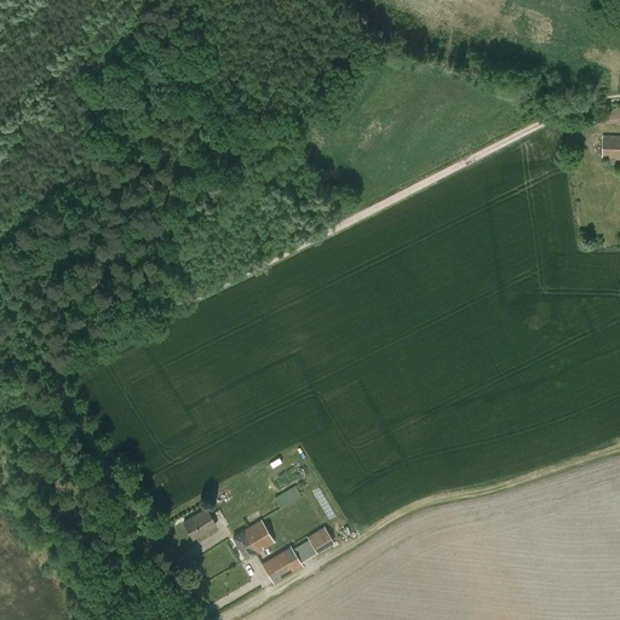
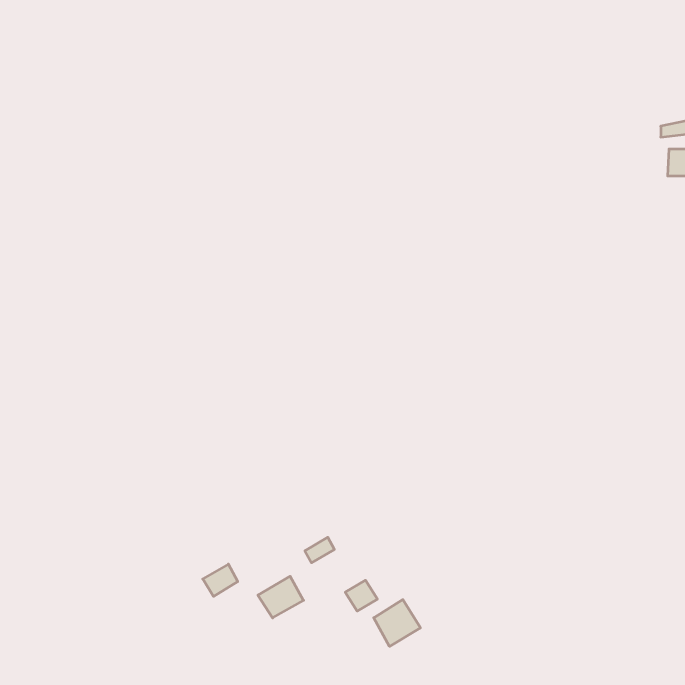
building: none -> [374,600,420,646]
building: [262,545,304,582] -> none

